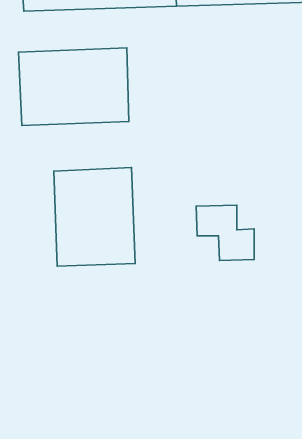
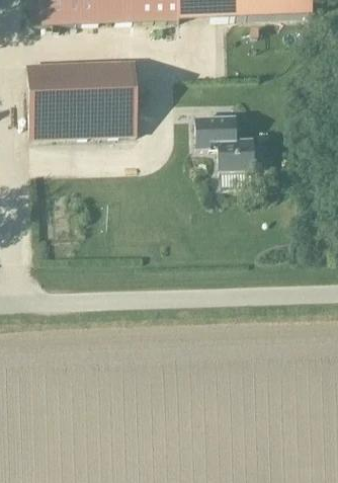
building: [54,167,135,266] -> none
building: [196,205,254,260] -> [195,115,253,170]

